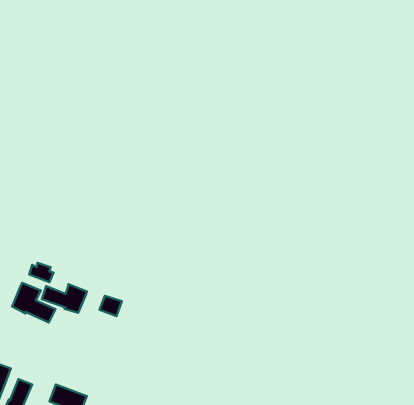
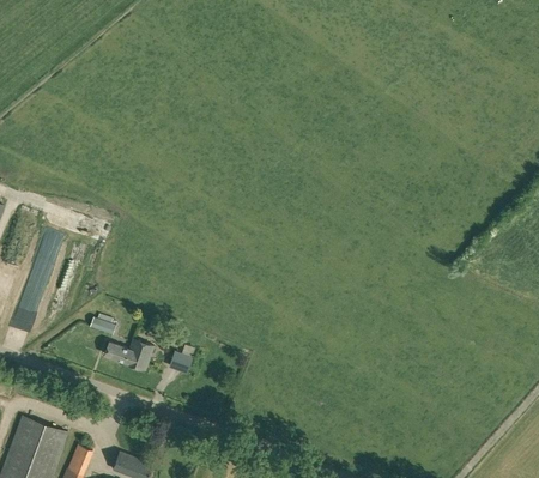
building: [12,283,55,323] -> none

